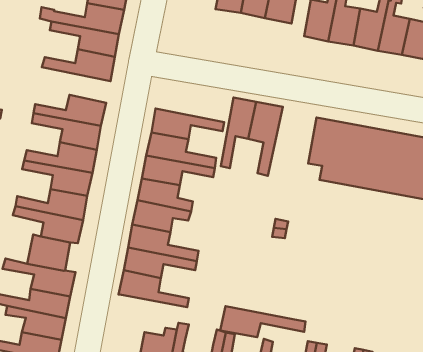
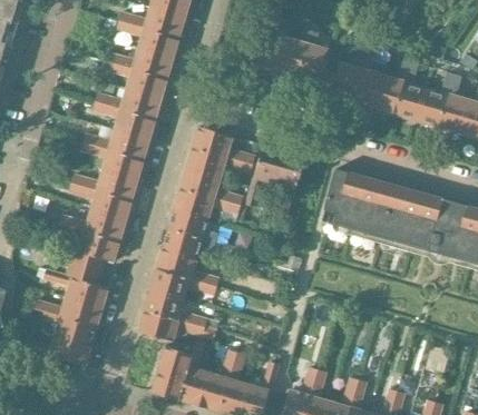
building: none -> [92,101,155,138]
building: none -> [193,126,255,165]
building: [220,306,306,337] -> [139,309,216,339]

